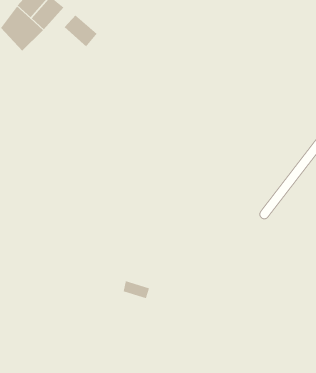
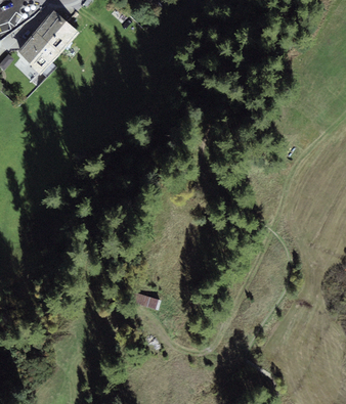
building: [64,15,98,47] -> none

